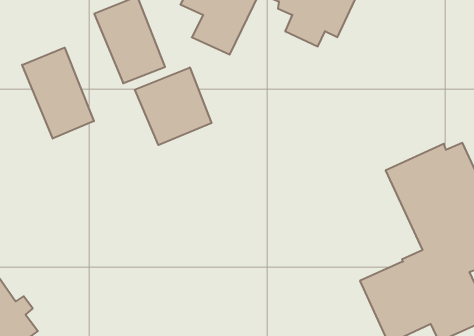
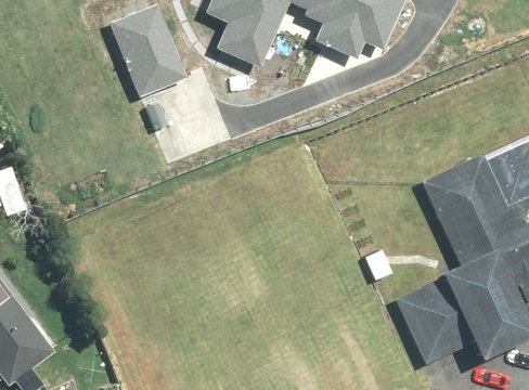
building: [22,48,94,139] -> none
building: [135,67,212,145] -> none

